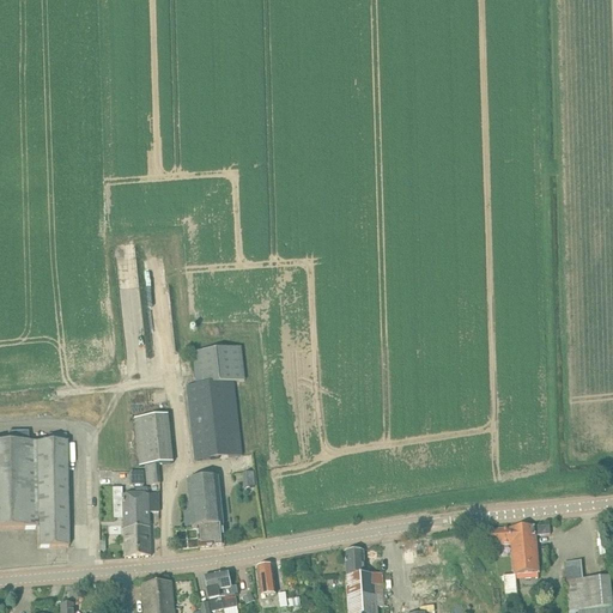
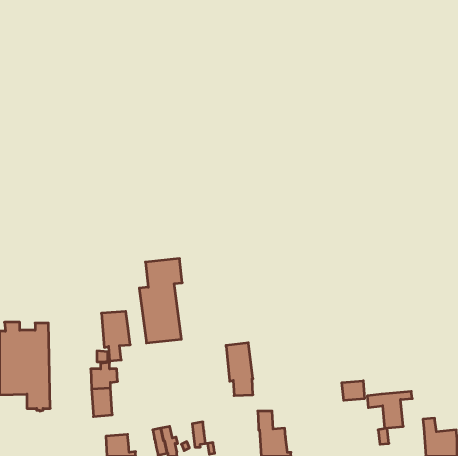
building: [187,474,223,545] -> [226,343,253,396]
building: none -> [342,381,364,400]

